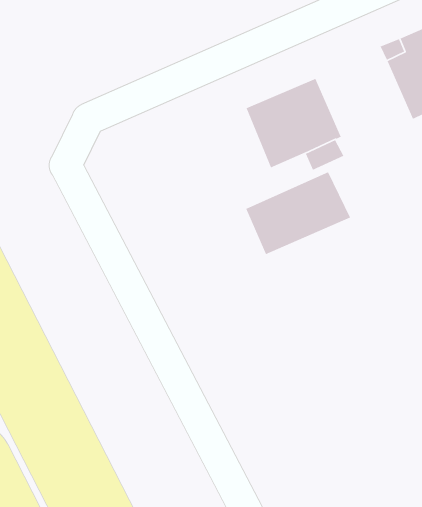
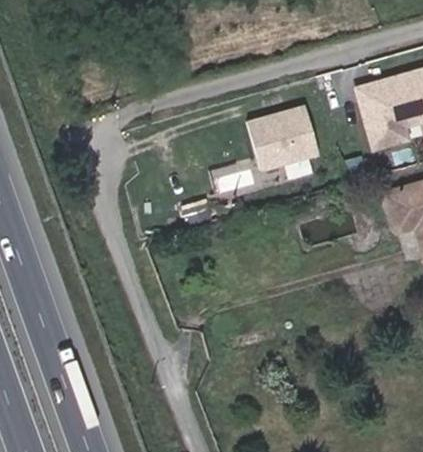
building: [245,171,351,255] -> none

